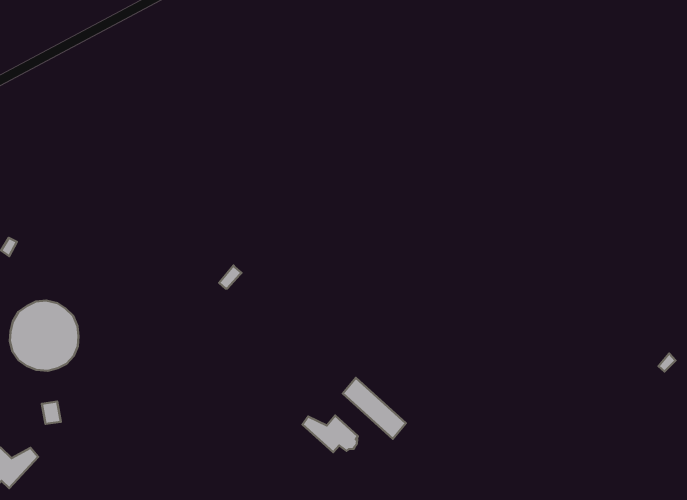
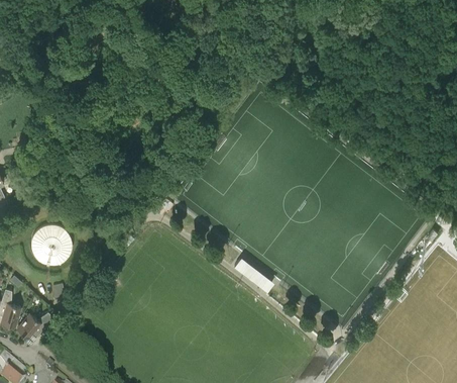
building: [303,416,358,452] -> none

